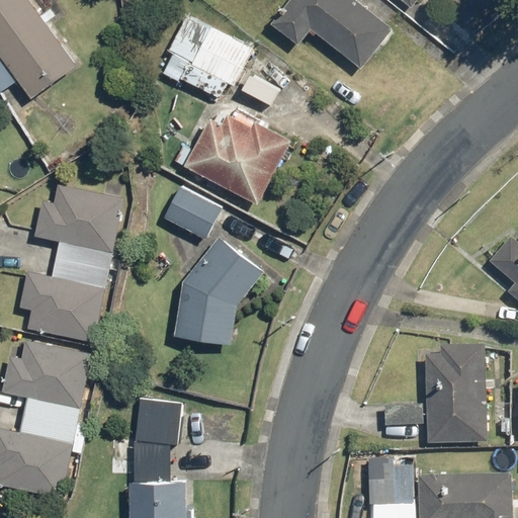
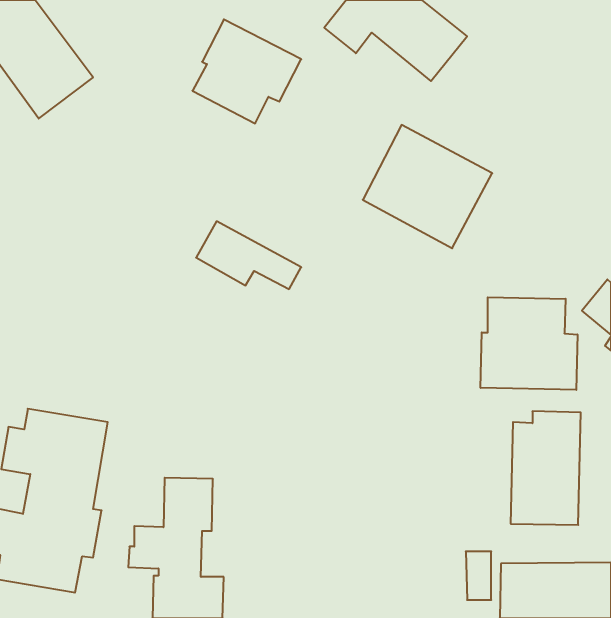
building: [183,101,291,204] -> [363,125,492,248]
building: [17,184,122,340] -> none
building: [175,236,263,343] -> none
building: none -> [481,297,577,390]

